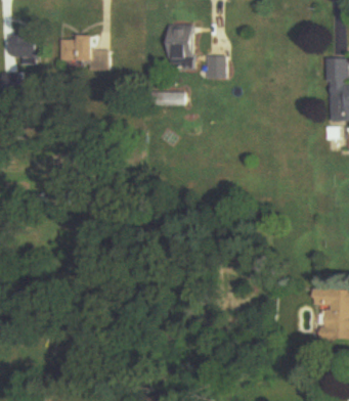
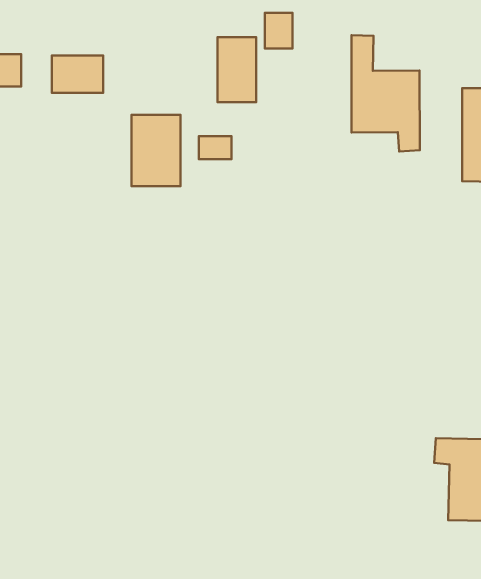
building: none -> [351,35,420,151]
building: [204,56,222,80] -> [265,13,293,49]
building: none -> [132,115,181,186]

